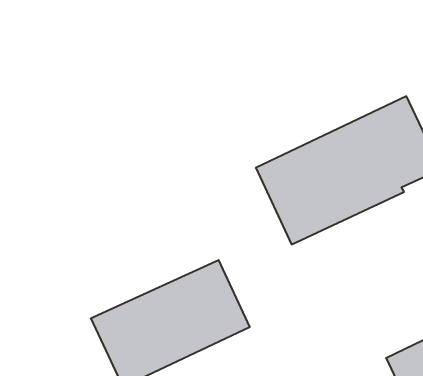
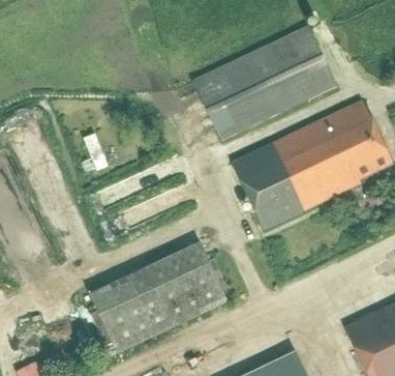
building: none -> [193,27,337,139]

